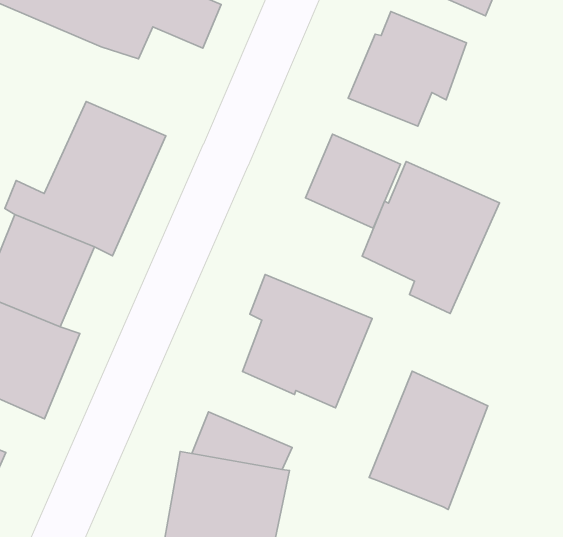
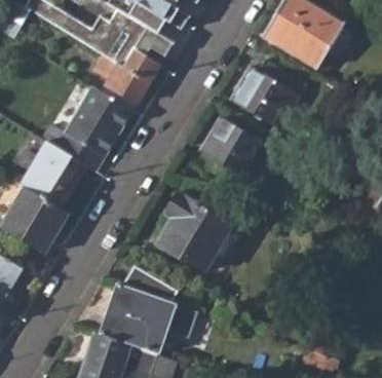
building: none -> [99,49,160,103]
building: [362,161,499,313] -> none
building: [369,371,488,510] -> none

